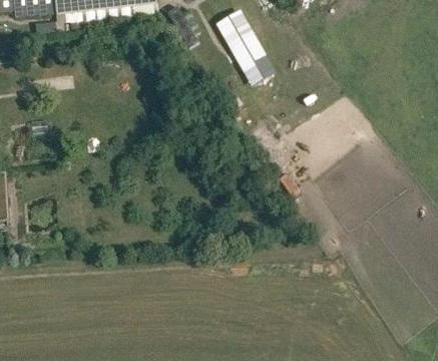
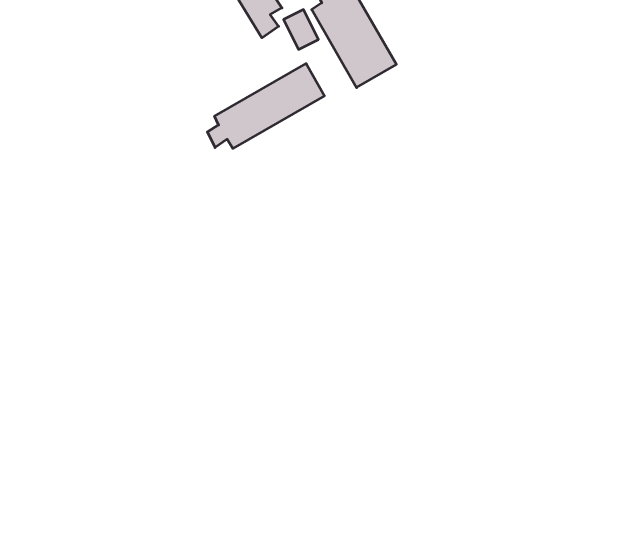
building: none -> [207,64,324,148]

